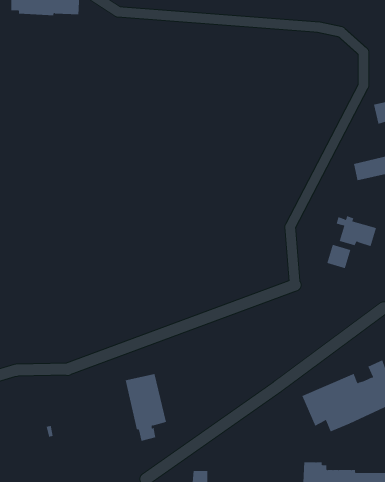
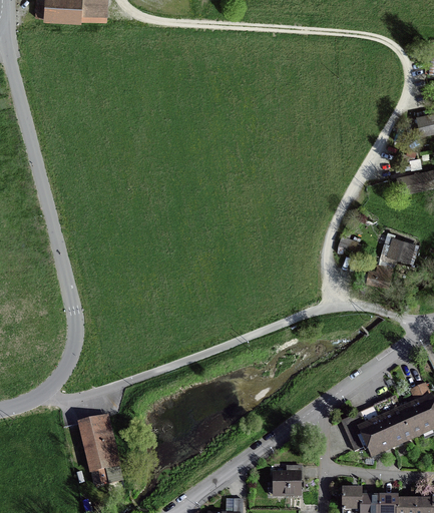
building: [125,374,167,441] -> [78,414,122,485]
building: none -> [275,466,302,494]

